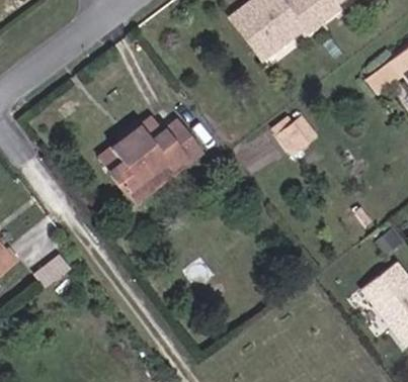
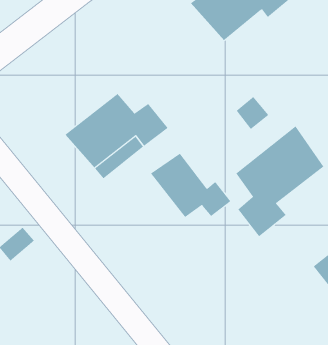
building: none -> [235,126,324,237]
building: none -> [150,153,231,218]

